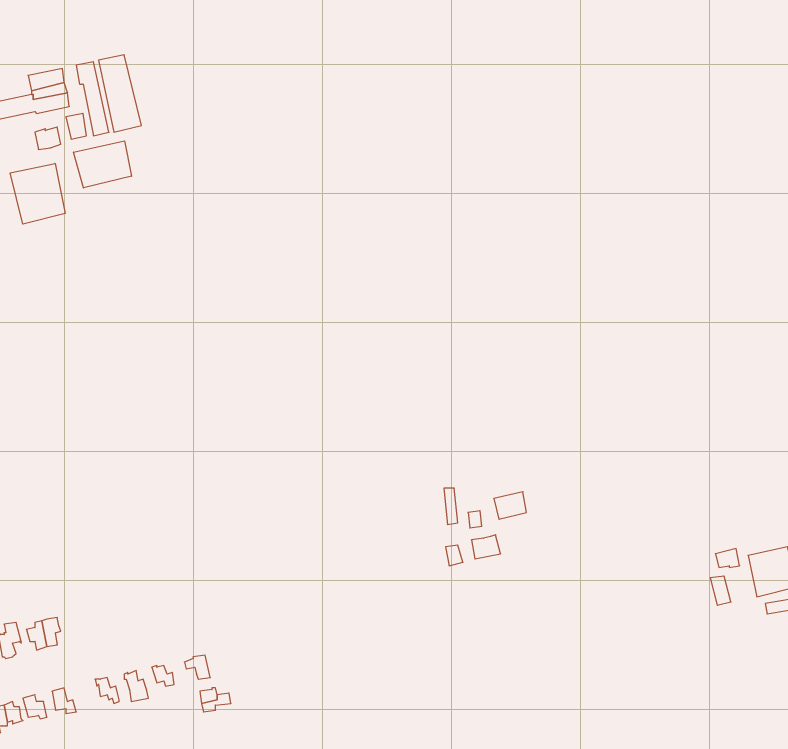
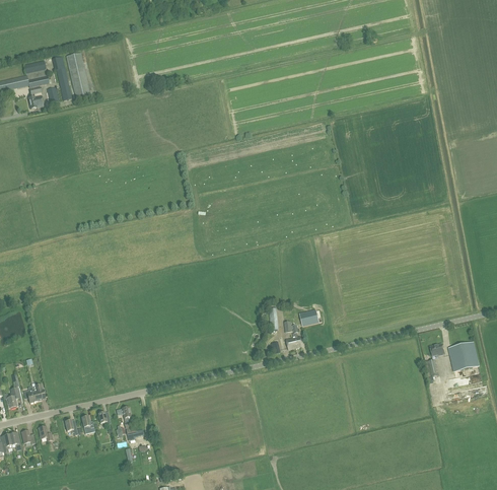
building: [74,141,132,188] -> none
building: [10,163,65,224] -> none

